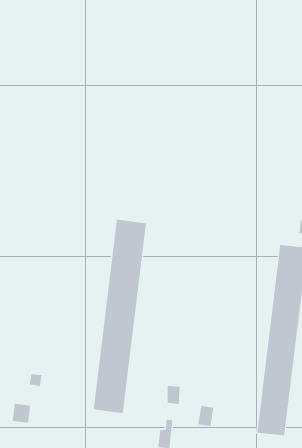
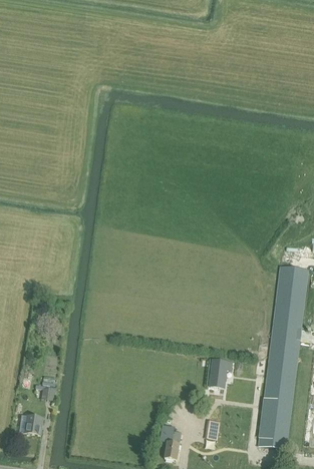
building: [93,219,147,414] -> none
building: none -> [213,360,235,387]

